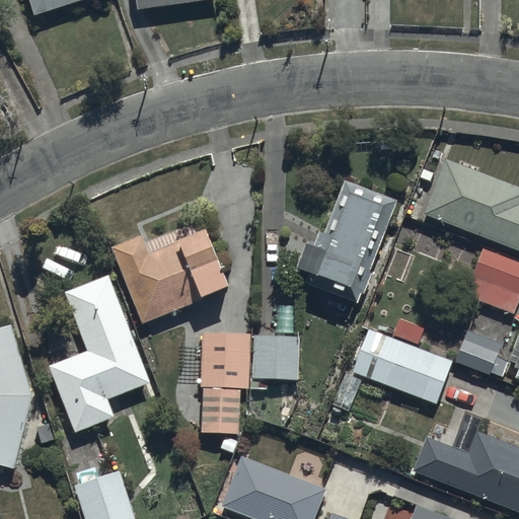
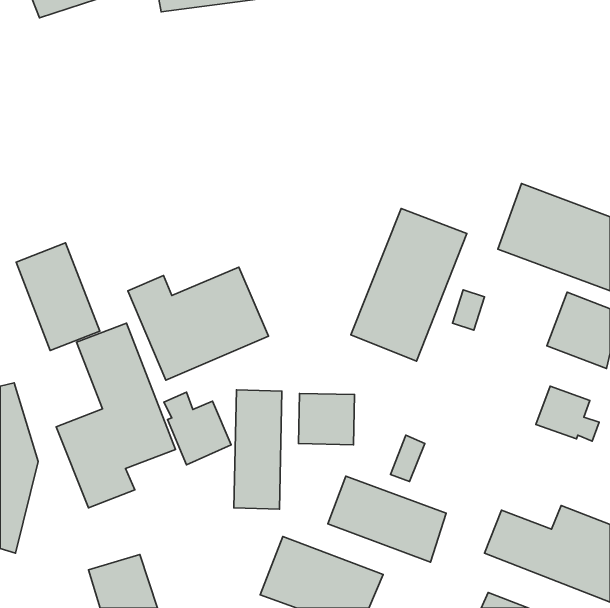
building: none -> [16,243,100,350]
building: [352,330,452,403] -> [328,476,446,562]
building: none -> [164,392,231,465]

